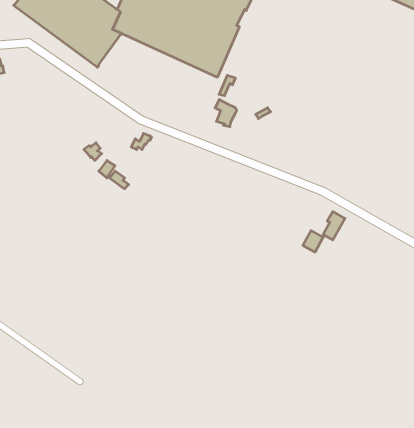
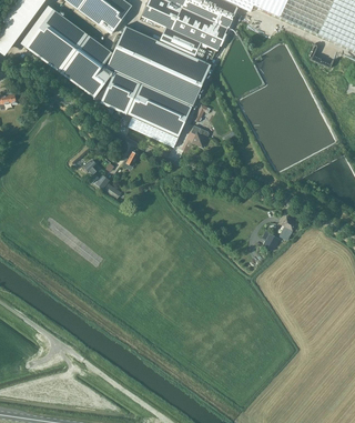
building: none -> [93,70,192,147]

